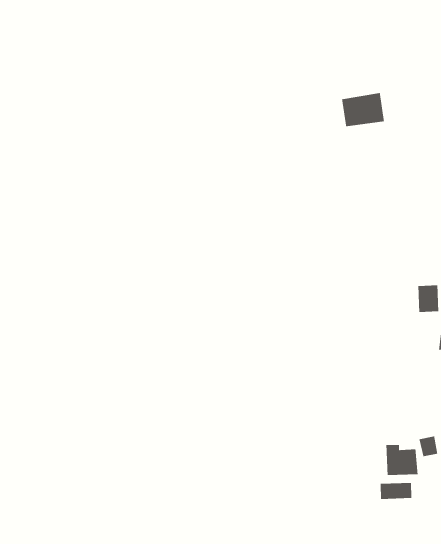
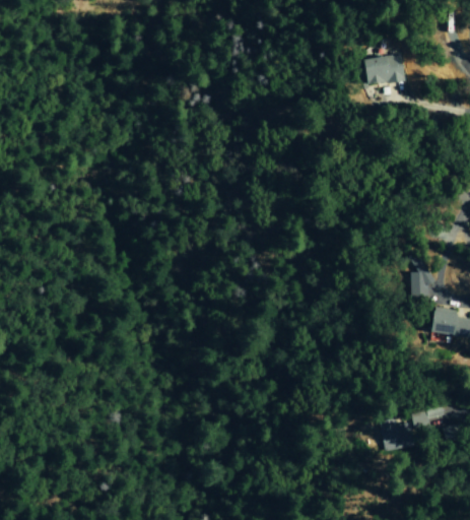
building: [341,92,385,127] -> [364,53,405,85]
building: [380,482,412,500] -> none

